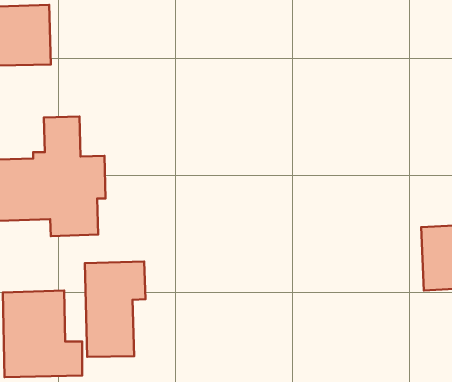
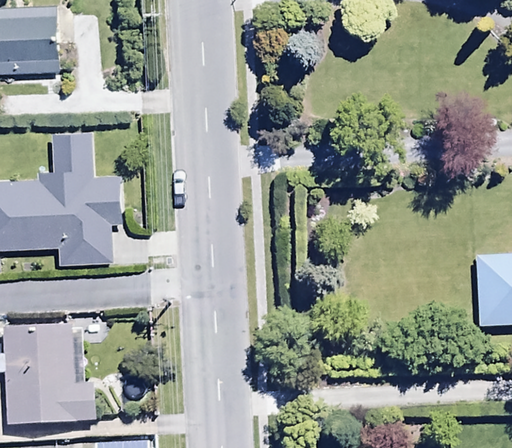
building: [85,262,146,357] -> none

